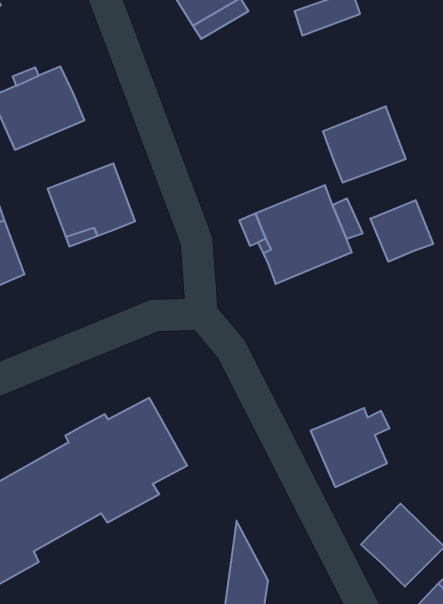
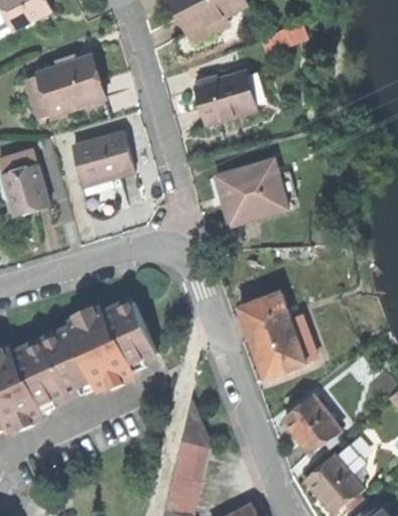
building: [323,106,406,183] -> [195,72,254,124]
building: [370,200,433,262] -> none
building: none -> [239,293,289,337]

